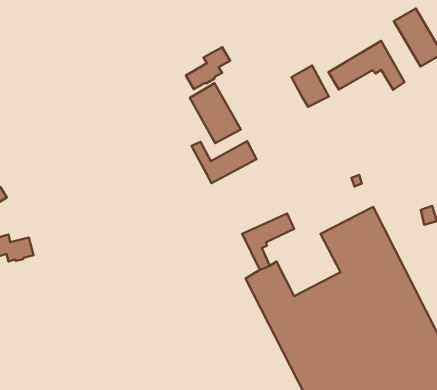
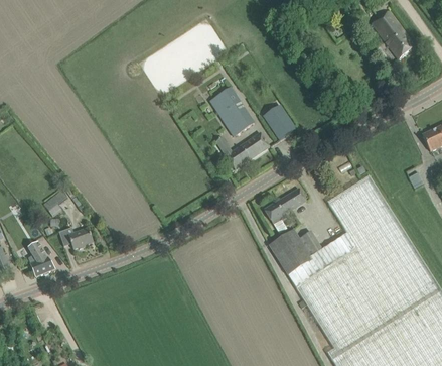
building: [329,41,404,90] -> none
building: [186,47,230,89] -> none
building: [291,65,329,107] -> [264,105,296,139]

